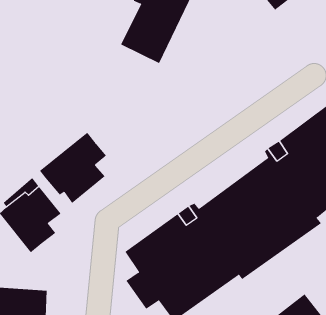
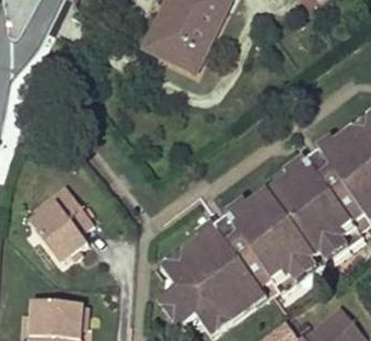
building: [39,132,107,204] -> none

